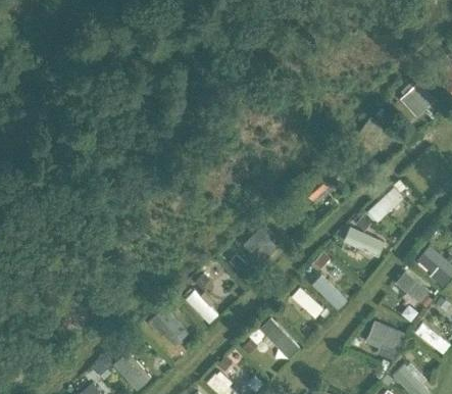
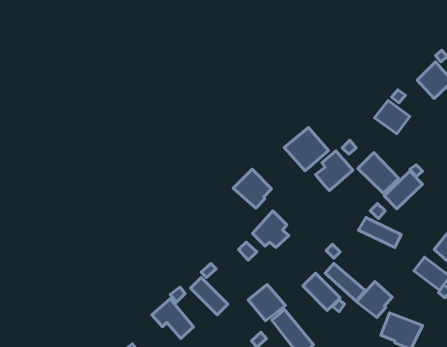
building: none -> [284,128,328,171]
building: none -> [358,153,399,193]
building: none -> [233,169,272,208]
building: none -> [356,281,392,318]
building: none -> [248,284,285,321]

